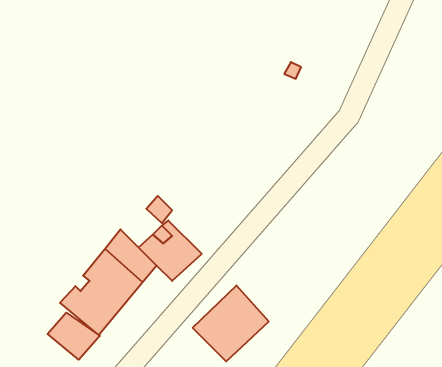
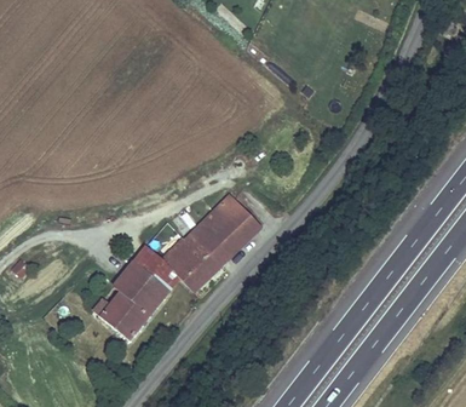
building: [193,285,269,361] -> [190,194,261,265]
building: [48,313,100,360] -> none

